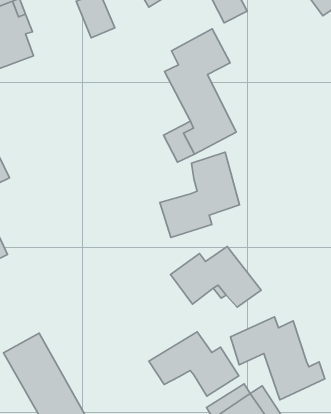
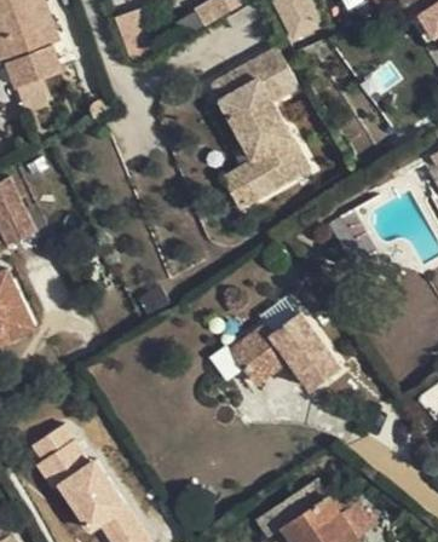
building: [160,152,239,237] -> none
building: [230,317,325,400] -> none
building: [149,332,239,396] -> none

